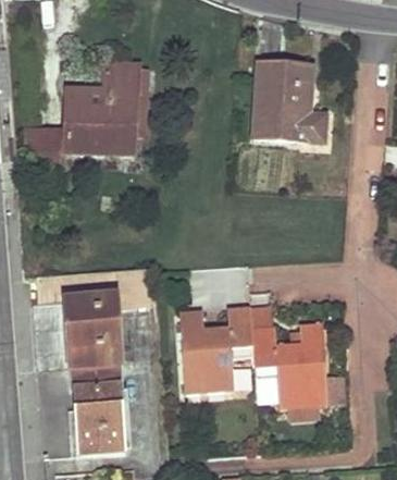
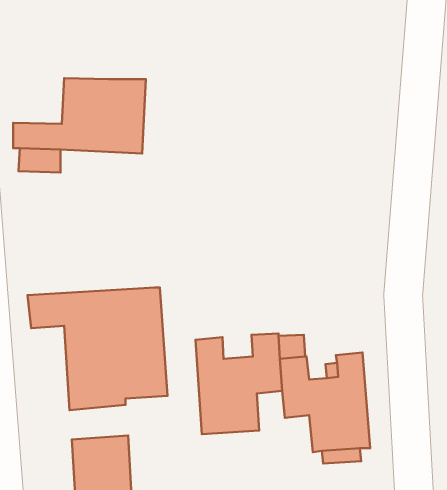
building: [255,64,324,141] -> none
building: [106,66,149,136] -> none
building: [72,368,122,397] -> none

